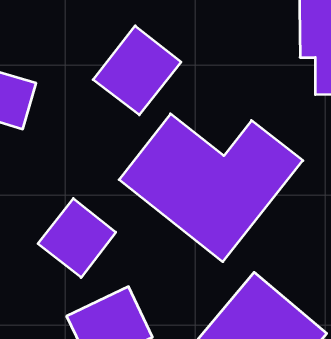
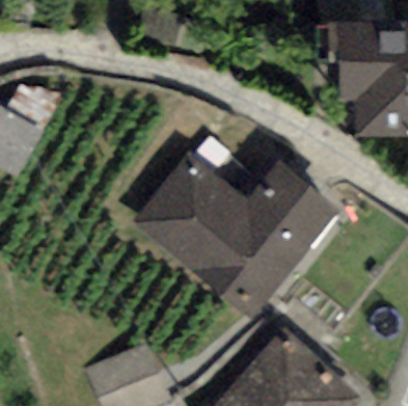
building: [93,26,181,115] -> none
building: [38,198,116,278] -> none

